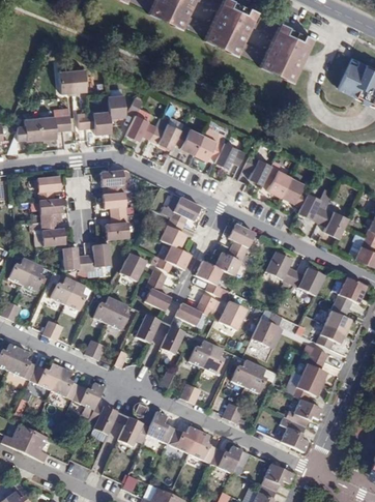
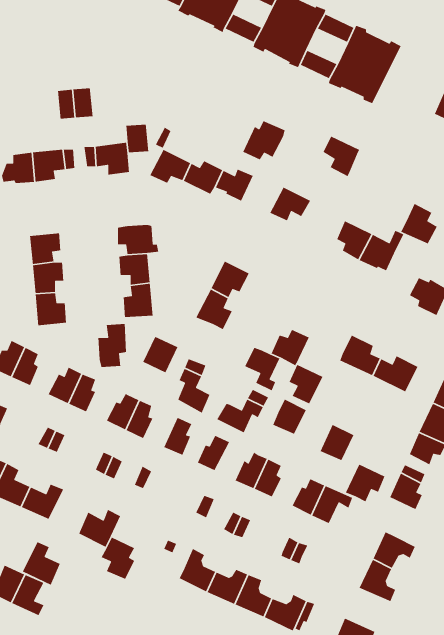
building: [194,130,226,160] -> [242,120,285,161]
building: [243,155,271,186] -> [323,135,360,177]
building: [297,193,325,224] -> [400,203,438,245]
building: [229,225,255,255] -> [289,364,323,404]
building: [156,245,191,272] -> none
building: [63,247,88,272] -> none
building: [51,367,80,401] -> [22,541,61,586]
building: [293,374,323,403] -> [345,463,385,503]
building: [119,419,150,446] -> none

